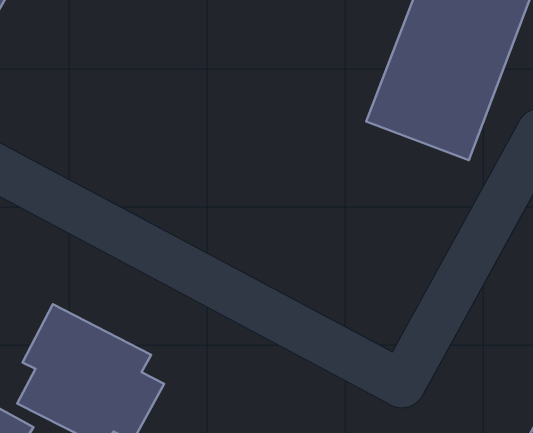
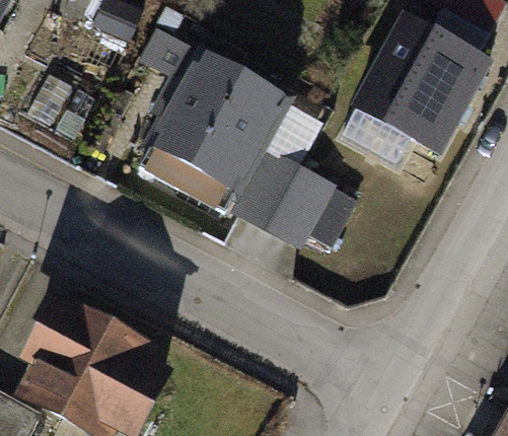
building: none -> [149,65,329,240]

